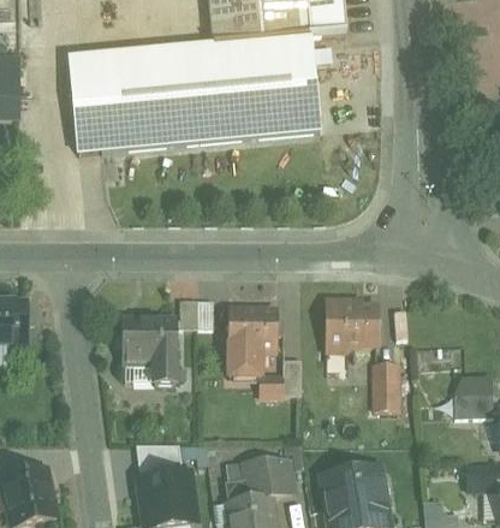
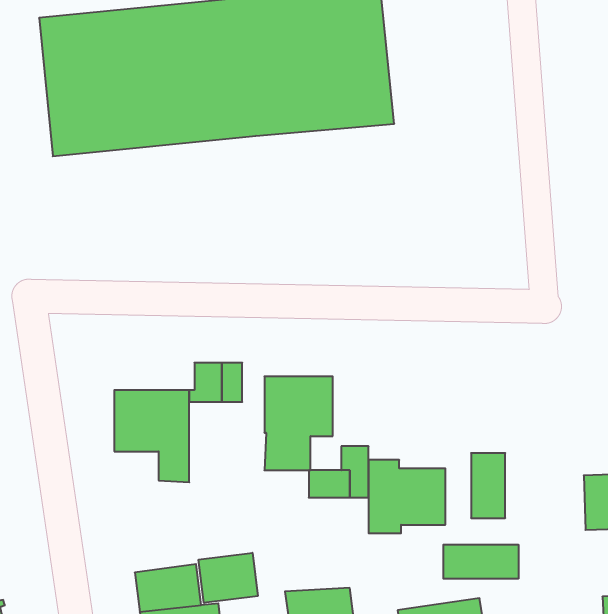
building: [325,299,379,351] -> [369,460,445,533]
building: none -> [443,545,518,579]
building: none -> [199,553,258,603]

